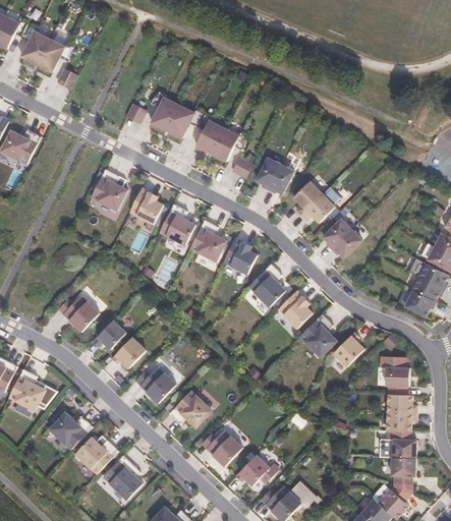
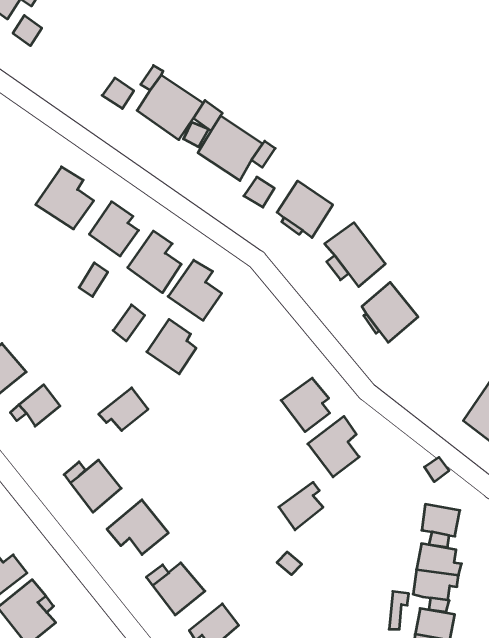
building: [223,238,257,275] -> [147,319,196,374]
building: [248,265,285,307] -> none
building: [333,333,363,367] -> [279,482,323,530]
building: [111,338,145,368] -> [99,388,148,431]

